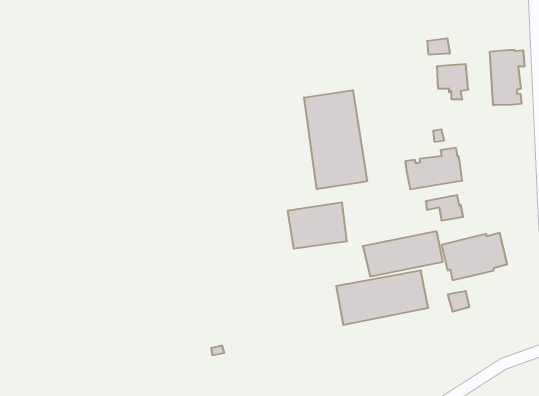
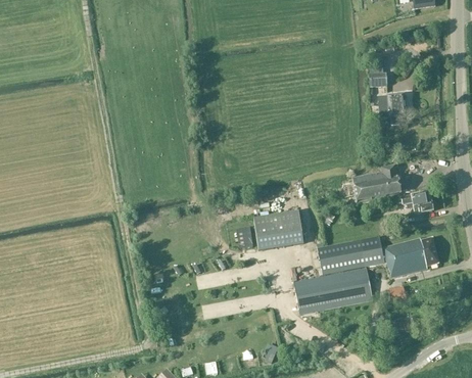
building: [490,50,524,105] -> none
building: [304,90,367,189] -> none
building: [426,195,463,221] -> [402,191,433,212]

